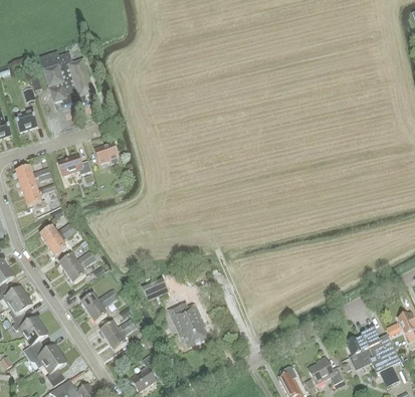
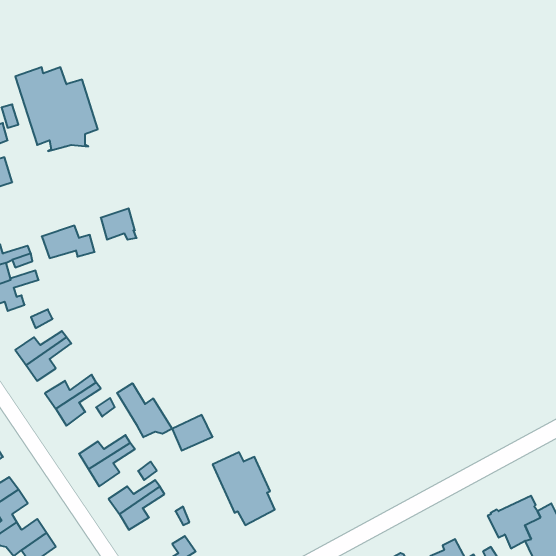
building: none -> [117,383,172,437]

